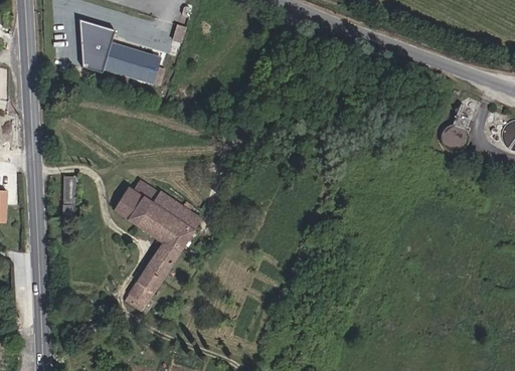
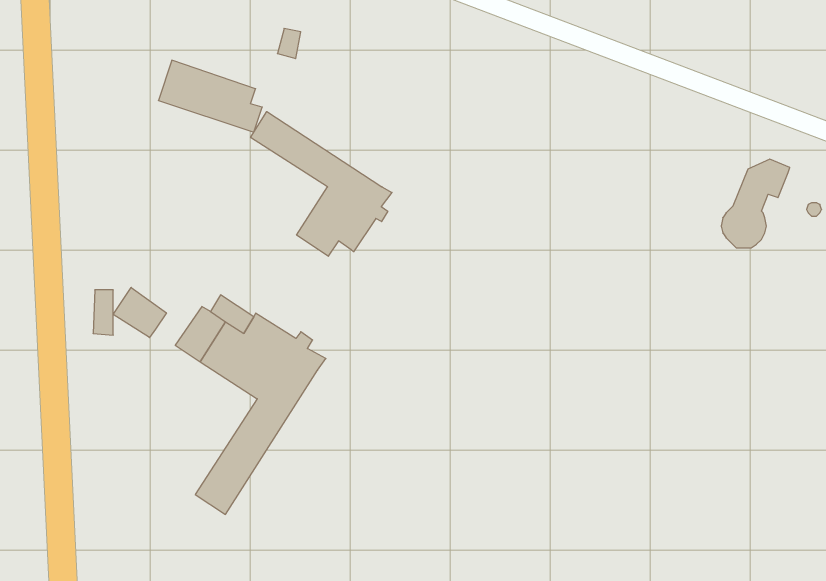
building: [77,17,114,70] -> none
building: none -> [251,112,392,256]
building: none -> [113,287,166,338]

